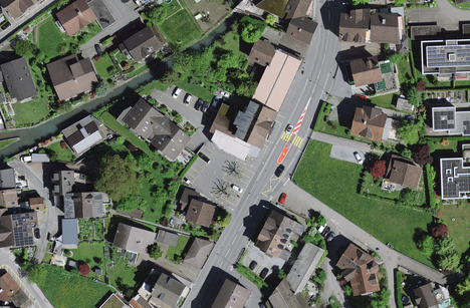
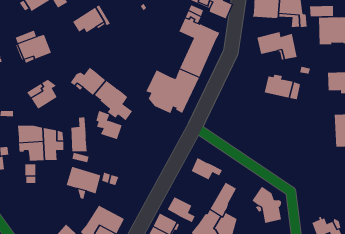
building: [388,157,418,187] -> none
building: none -> [71,116,87,152]
building: [180,189,213,225] -> [95,110,122,140]
building: [255,228,290,260] -> [167,196,195,223]
building: [183,238,211,267] -> none

